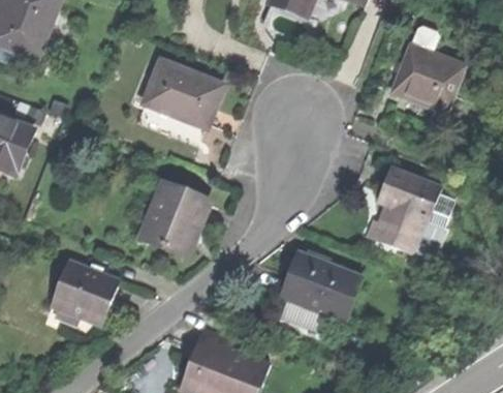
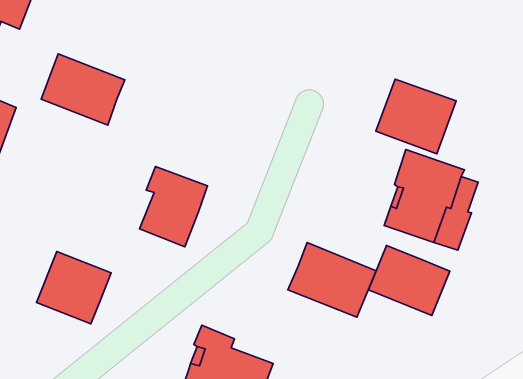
building: [390,42,464,111] -> [376,79,456,154]
building: [144,61,220,126] -> [41,54,125,125]
building: none -> [368,246,450,316]

